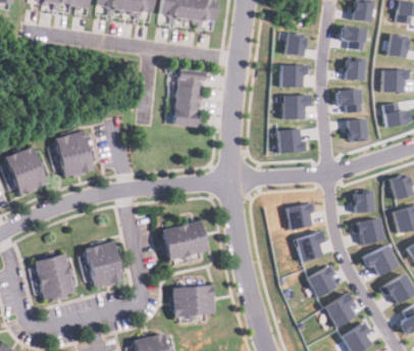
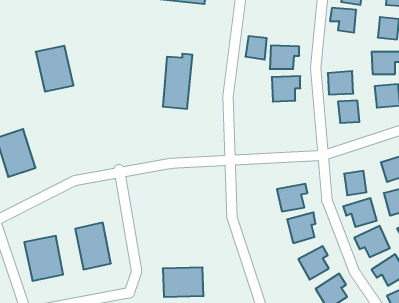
building: [283,33,305,56] -> [245,36,267,60]
building: [344,58,365,80] -> none
building: [276,129,307,152] -> none
building: [53,131,91,177] -> [36,46,74,92]
building: [160,220,205,259] -> none

